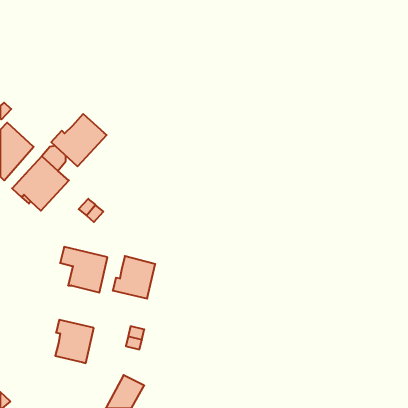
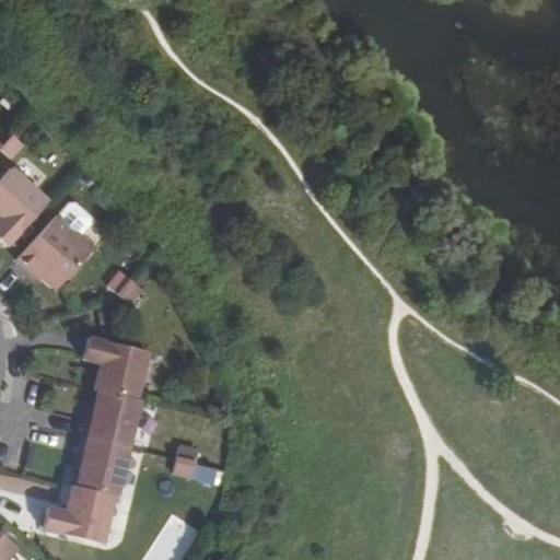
building: [51,114,107,166] -> none
building: [113,256,155,299] -> [83,389,141,447]
building: none -> [44,485,115,542]

